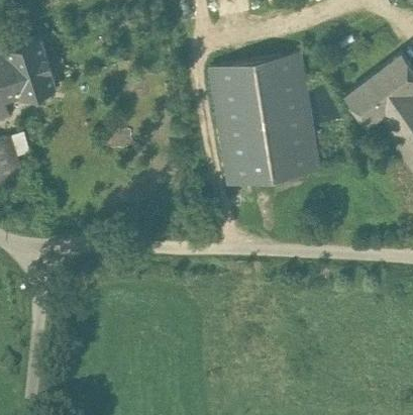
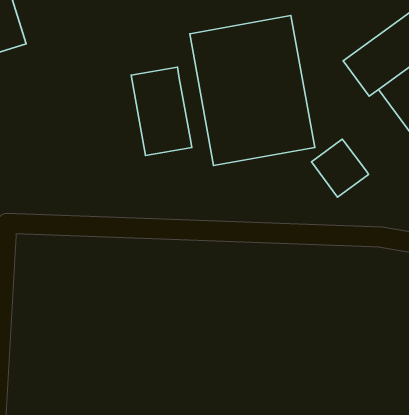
building: none -> [131,67,192,155]
building: none -> [311,139,368,197]

